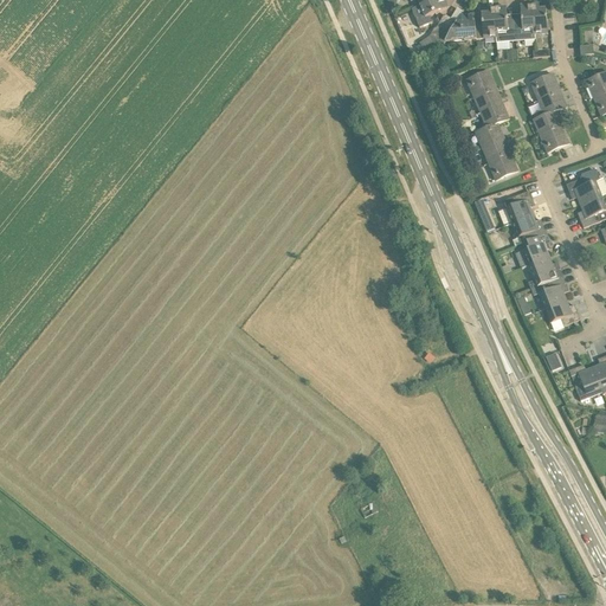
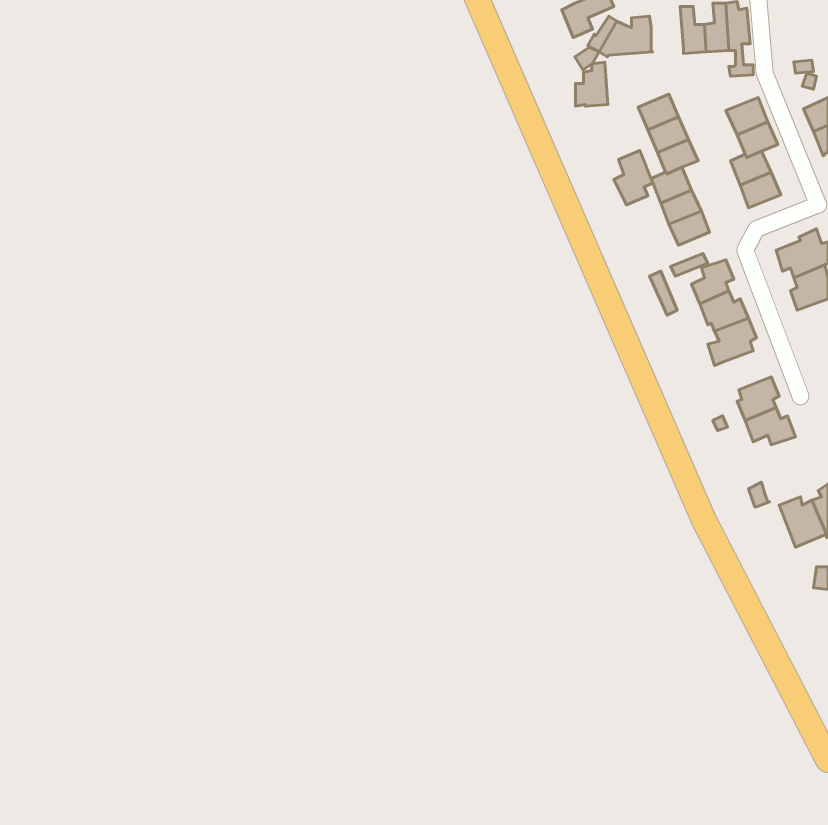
building: [475,5,498,37] -> [575,62,608,106]
building: none -> [614,150,653,205]
building: [527,256,562,285] -> none

